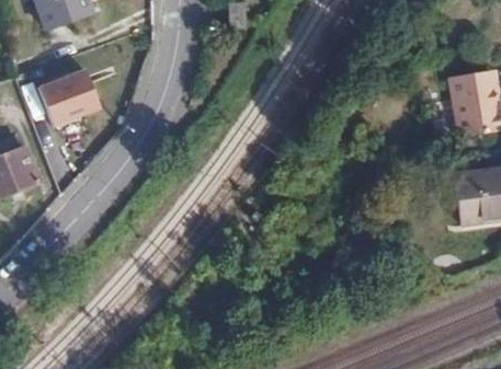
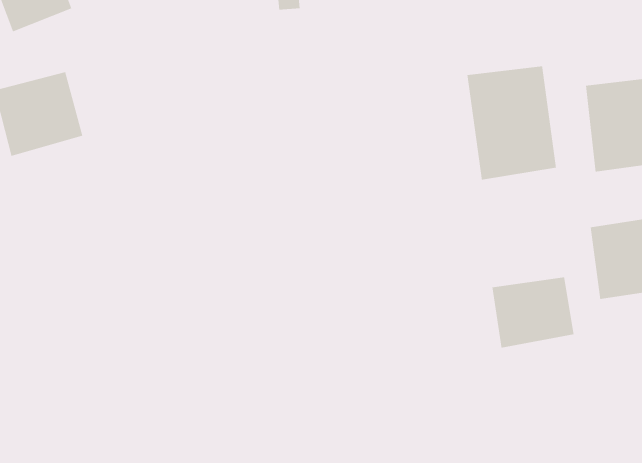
building: none -> [467,66,556,181]
building: none -> [492,277,574,348]

